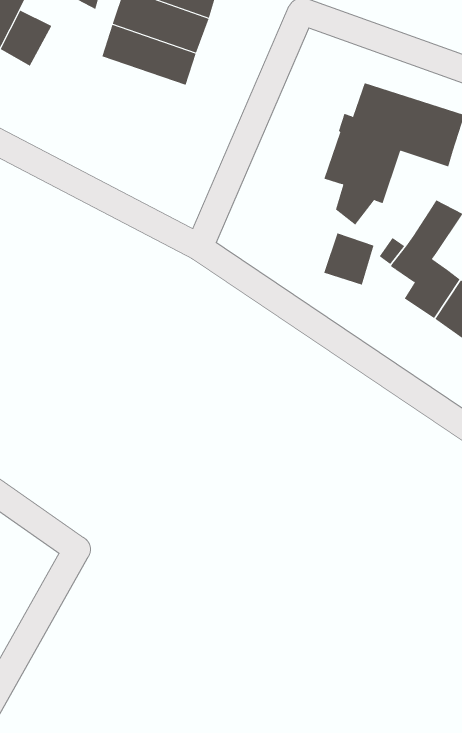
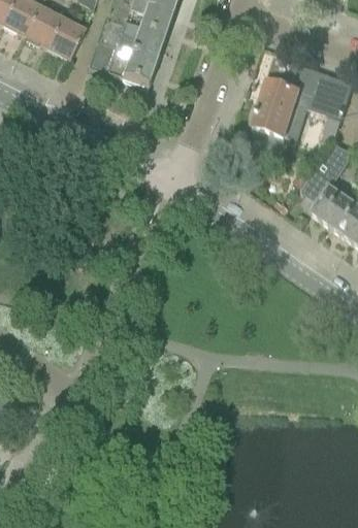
building: none -> [45,20,84,60]
building: none -> [88,41,156,87]
building: [323,233,374,286] -> none

